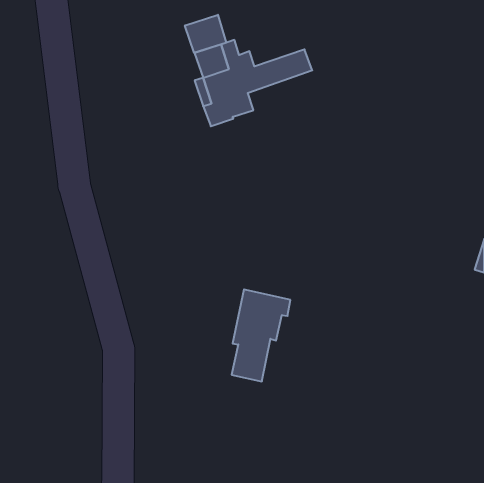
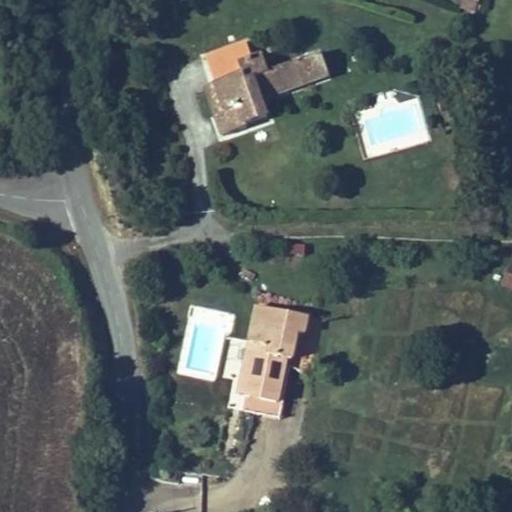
building: [185,15,226,53] -> none

